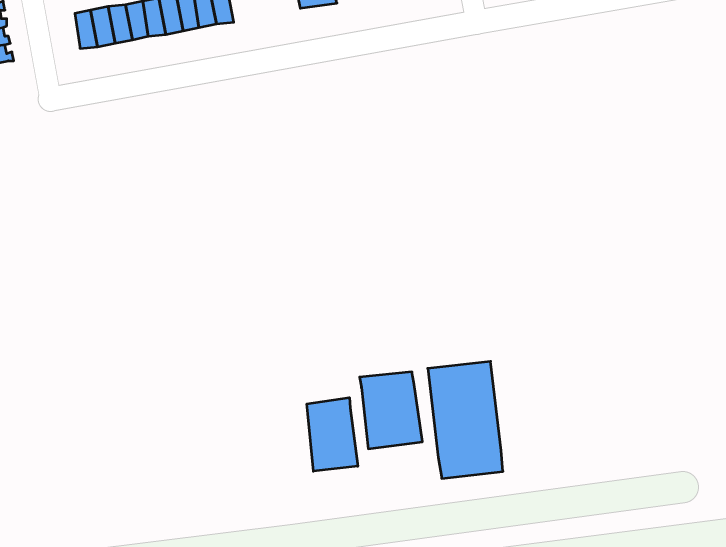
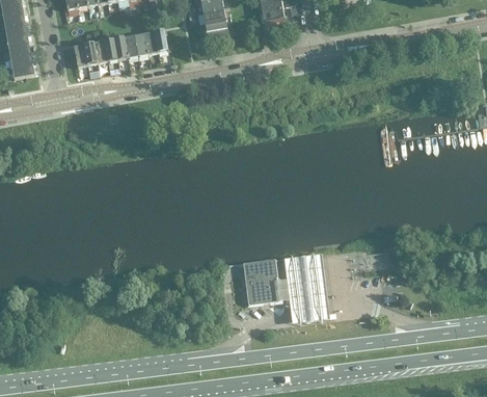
building: [307,398,358,471] -> none

